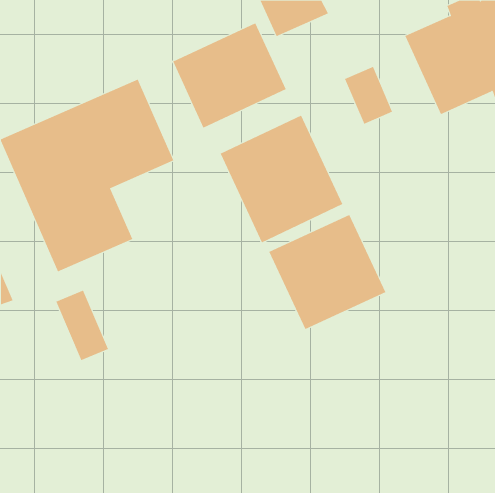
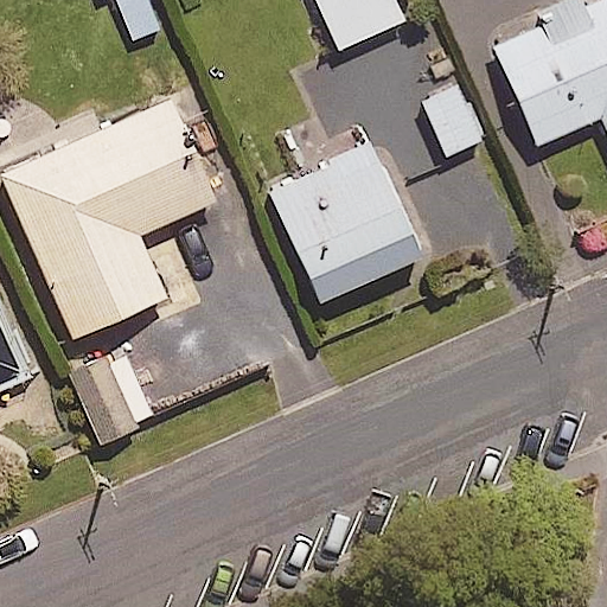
building: [173,22,286,128] -> none
building: [269,214,386,330] -> none

